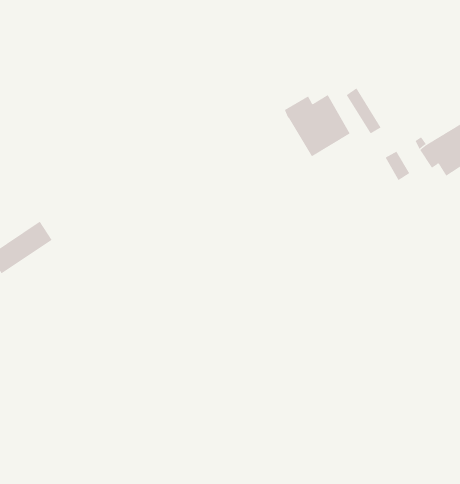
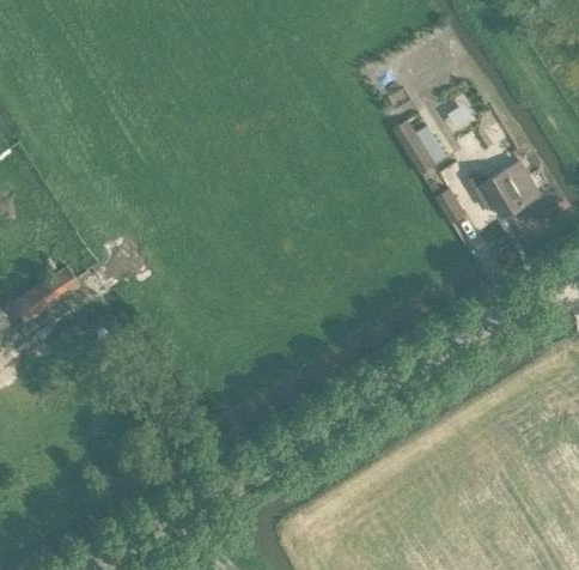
building: [284,94,350,157] -> none

